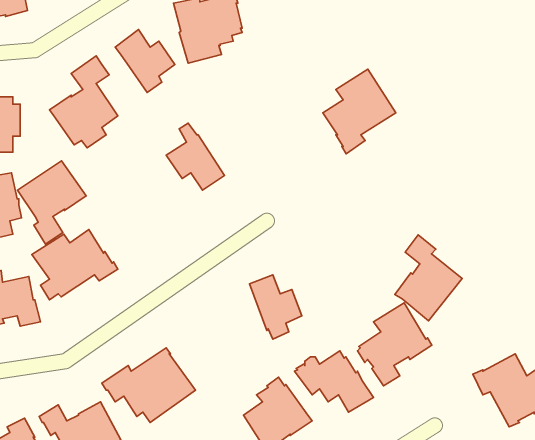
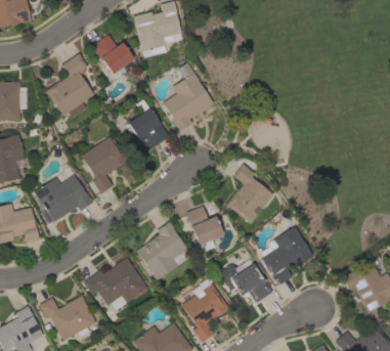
building: [323,69,396,154] -> [163,73,214,132]
building: [18,161,86,244] -> [81,136,129,194]
building: [395,235,462,321] -> [226,164,273,224]
building: none -> [136,221,192,281]

